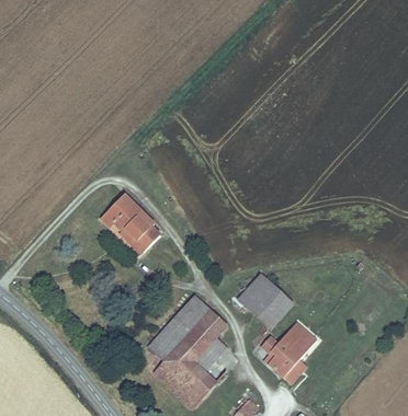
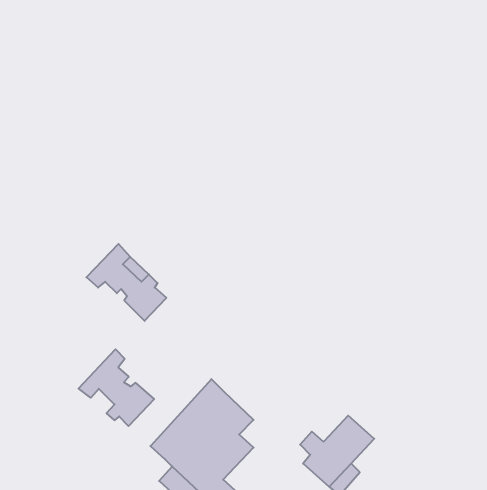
building: none -> [79,349,154,426]
building: [238,274,293,327] -> none

